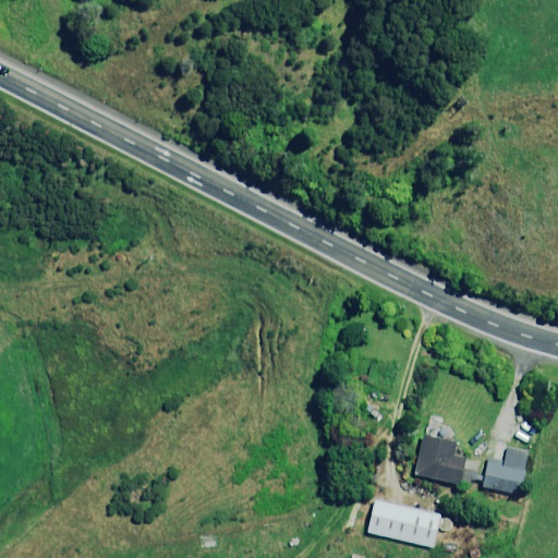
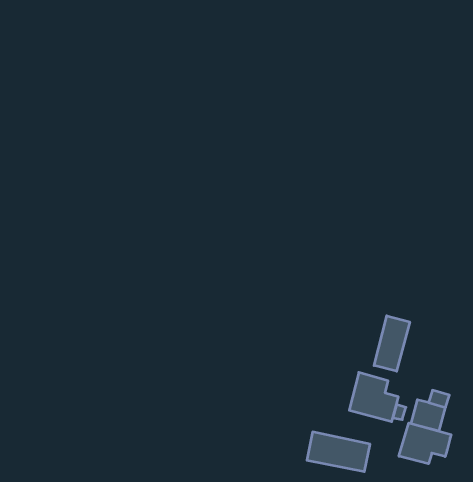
building: none -> [374,316,410,371]
building: none -> [399,423,451,464]

